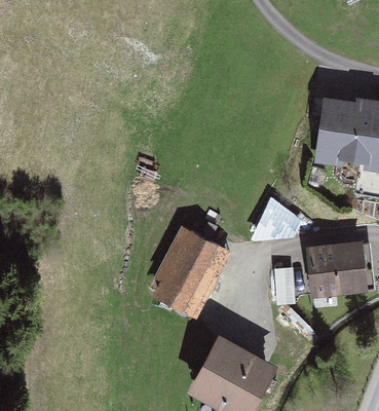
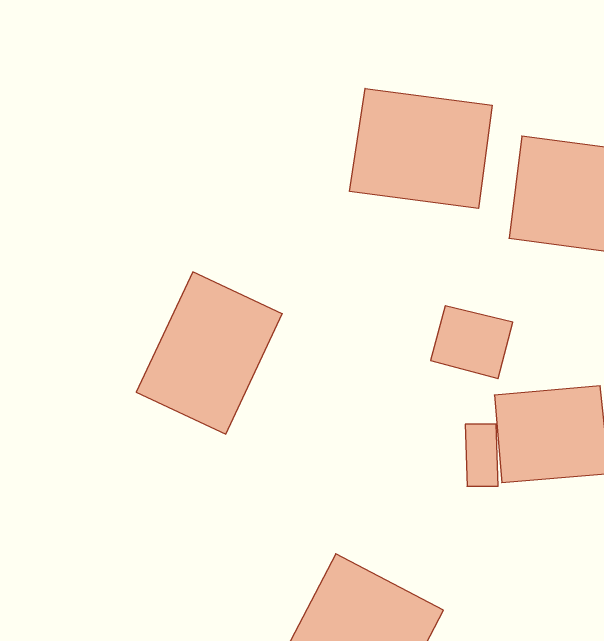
building: none -> [350,88,492,208]
building: [152,228,234,320] -> [136,272,282,434]

